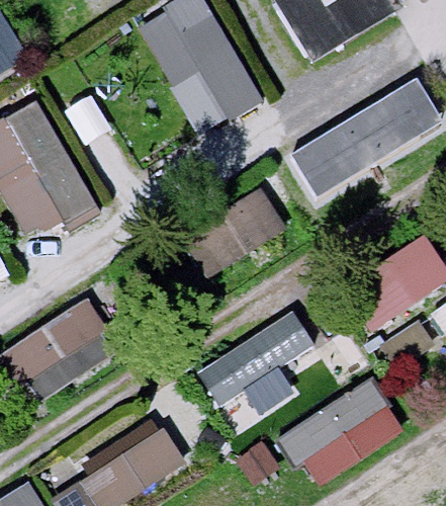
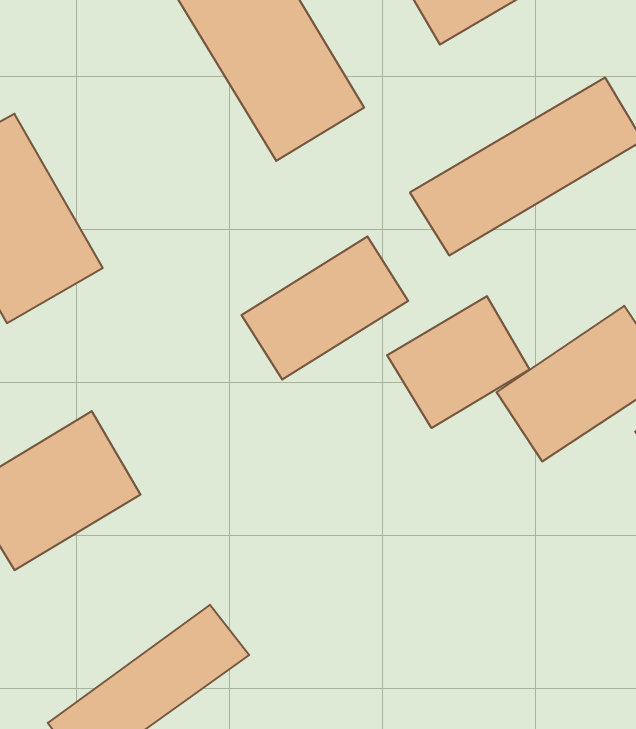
building: none -> [387,296,530,428]
building: [197,310,315,434] -> none
building: [282,382,406,481] -> none

